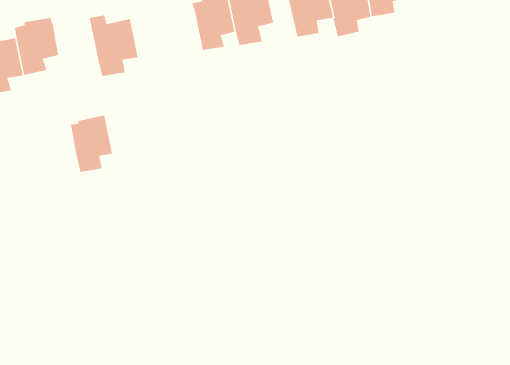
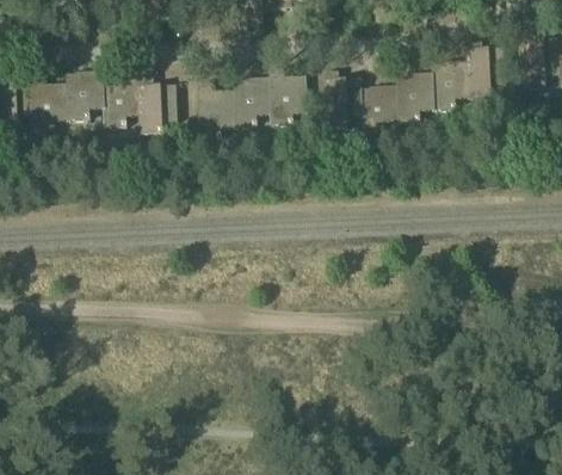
building: none -> [199,81,239,137]
building: [70,115,113,172] -> [106,76,141,125]

